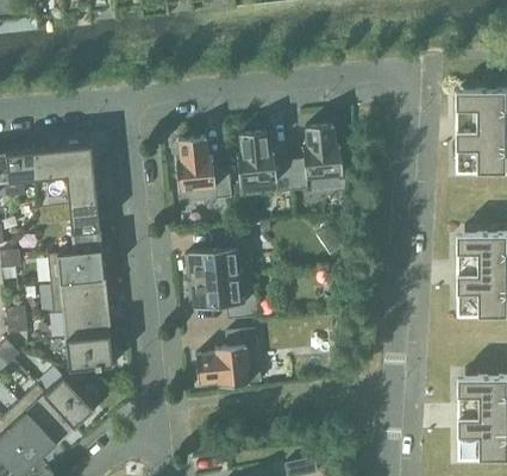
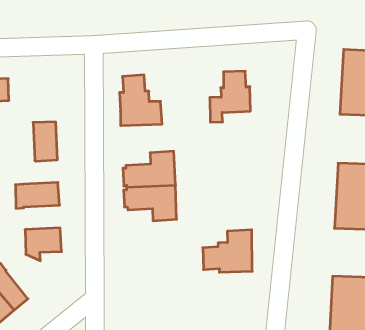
building: [237,131,293,196] -> none
building: [35,145,98,208] -> none
building: [48,250,105,284] -> none
building: [63,307,111,340] -> none
building: [196,330,261,386] -> [203,230,252,272]
building: [45,371,96,430] -> none

